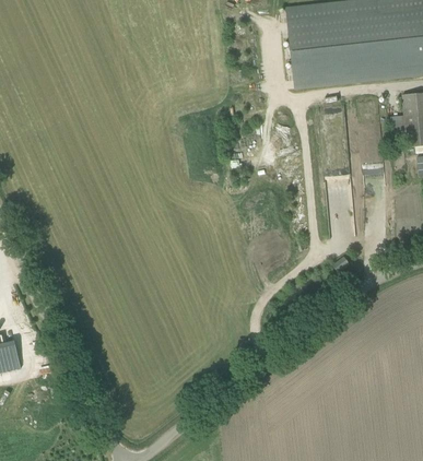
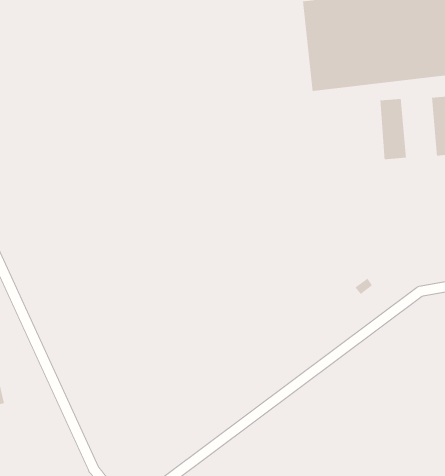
building: none -> [380,98,407,160]

